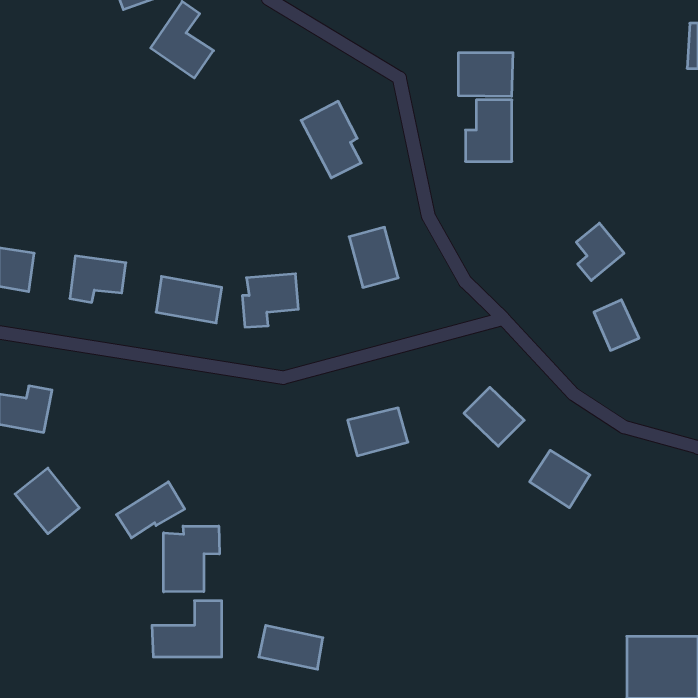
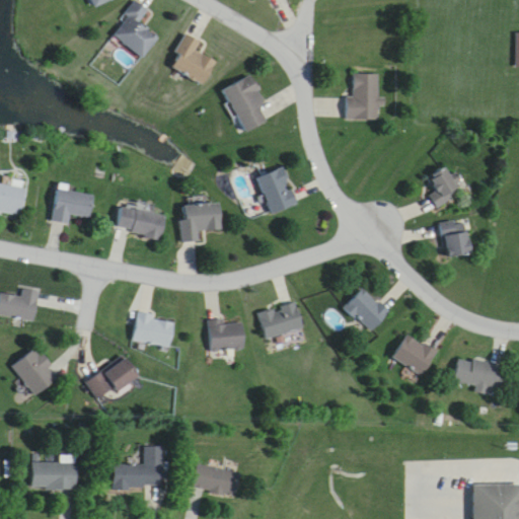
building: none -> [169,33,216,84]
building: [459,53,513,96] -> none
building: none -> [133,313,173,347]
building: none -> [207,317,243,351]
building: none -> [454,356,505,393]
building: [164,526,219,592] -> none
building: none -> [32,461,77,488]

